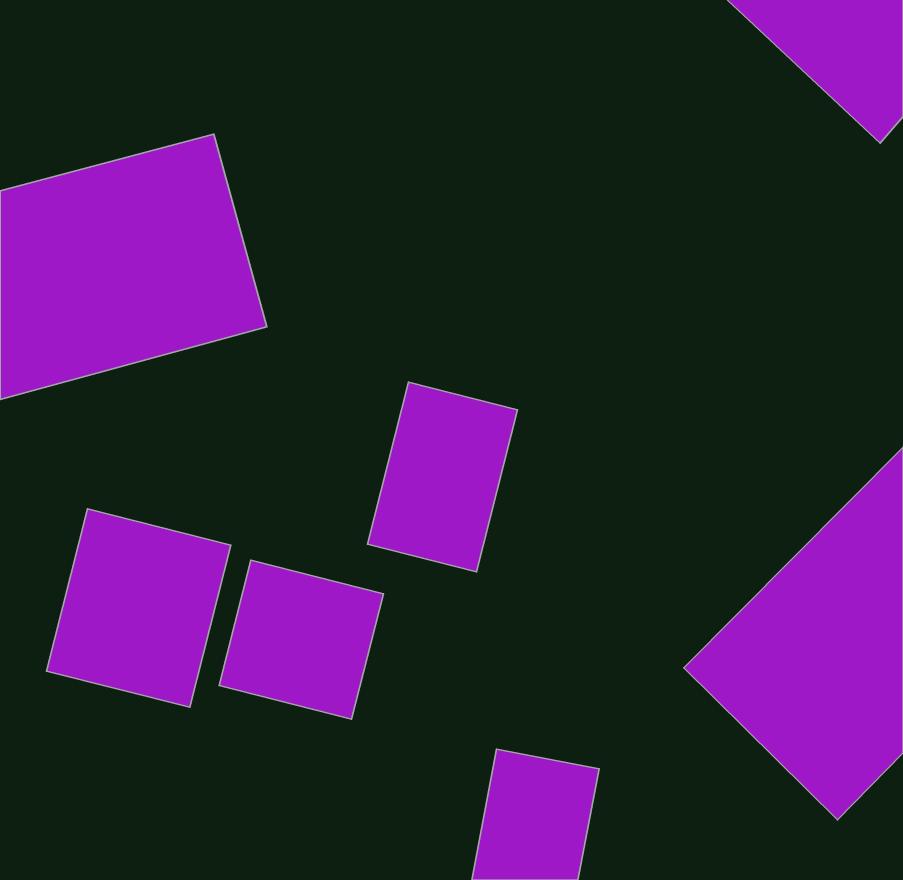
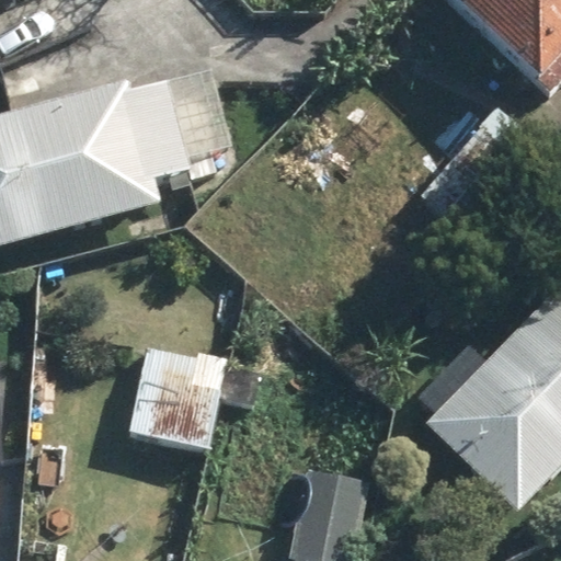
building: [367,382,518,572] -> none
building: [46,509,231,707] -> none

